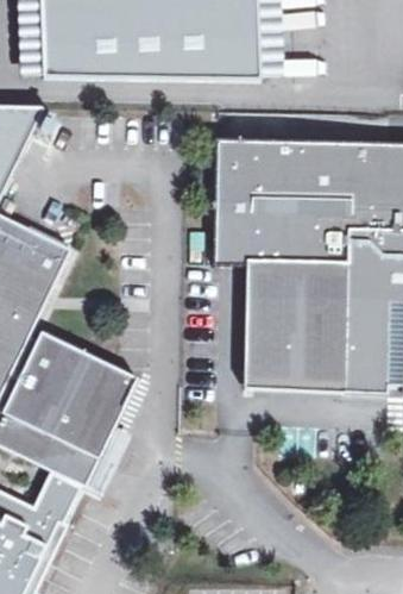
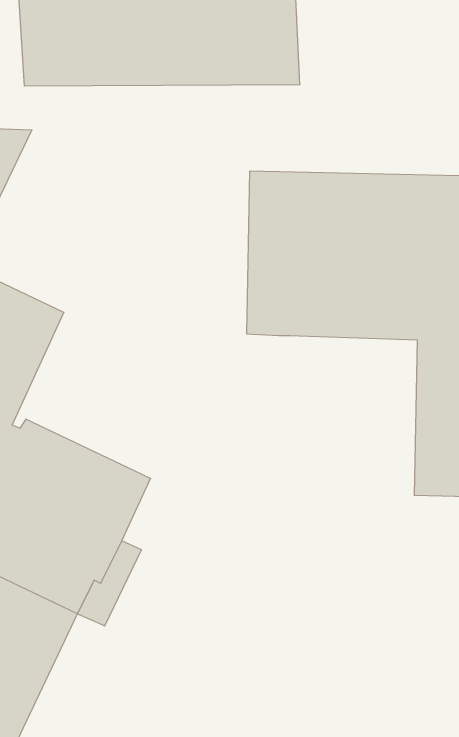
building: [243,267,345,393] -> none

